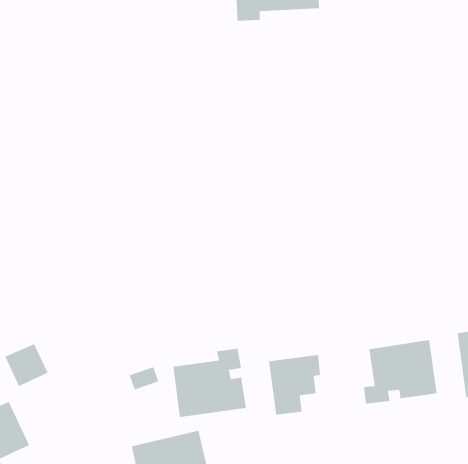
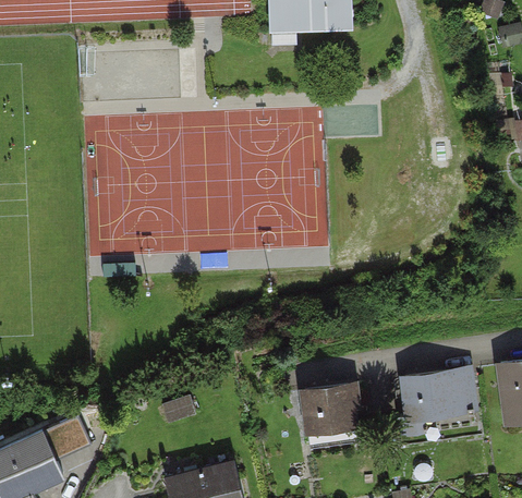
building: [4,344,49,387] -> [47,413,92,457]
building: [173,348,246,418] -> none

